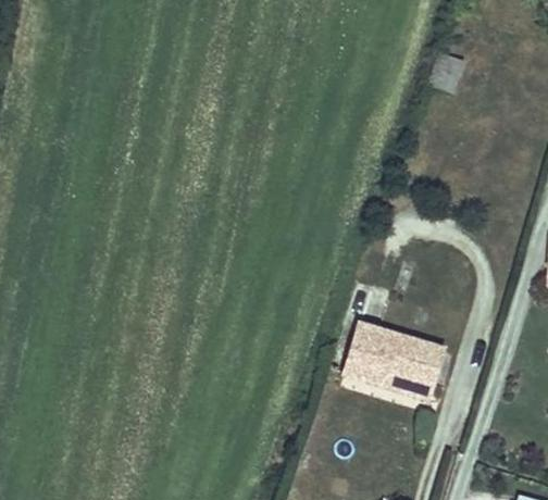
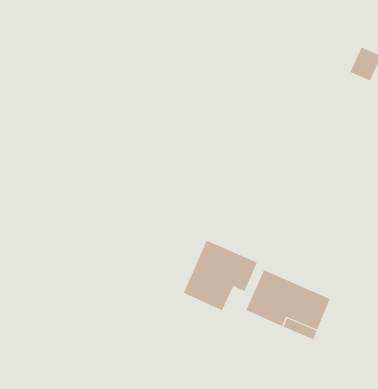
building: none -> [183,240,257,311]

